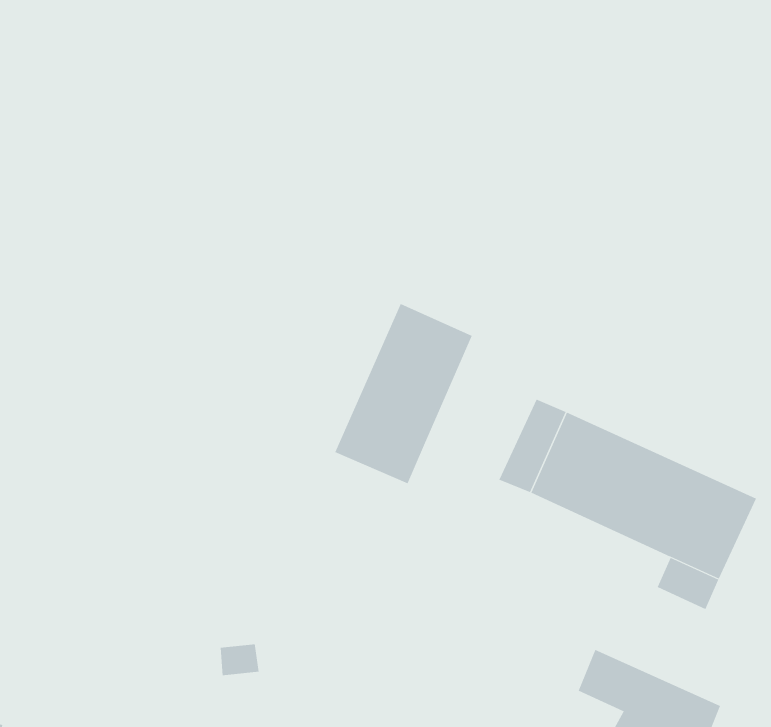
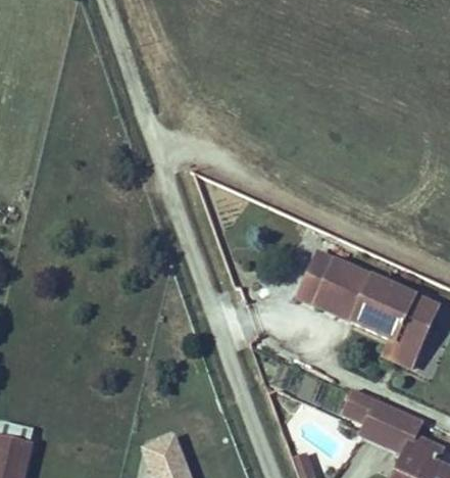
building: [335,303,473,484] -> none

